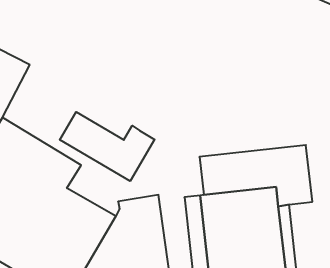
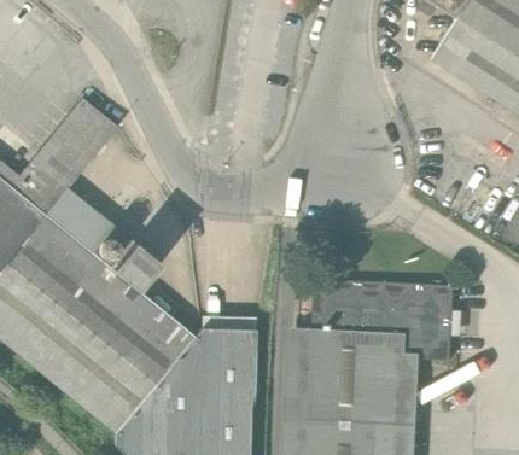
building: [60,112,155,181] -> none

